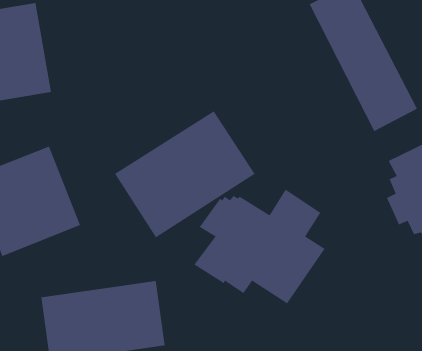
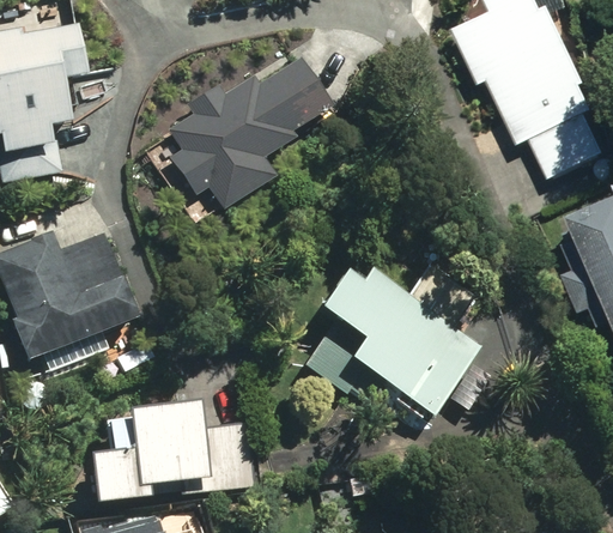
building: [114,111,256,238] -> [157,47,350,220]

